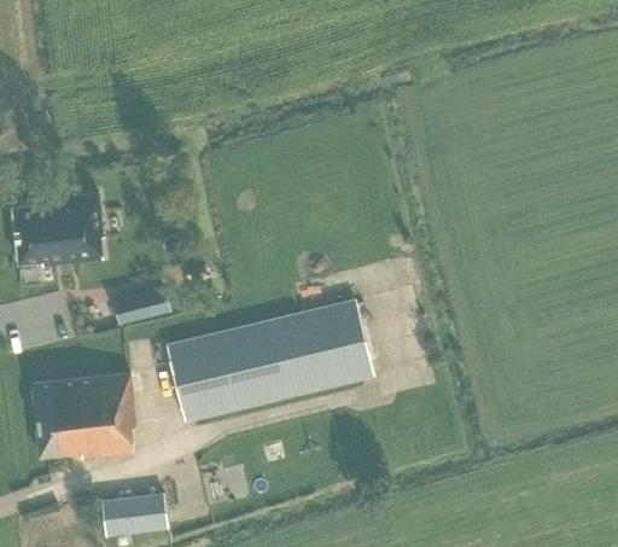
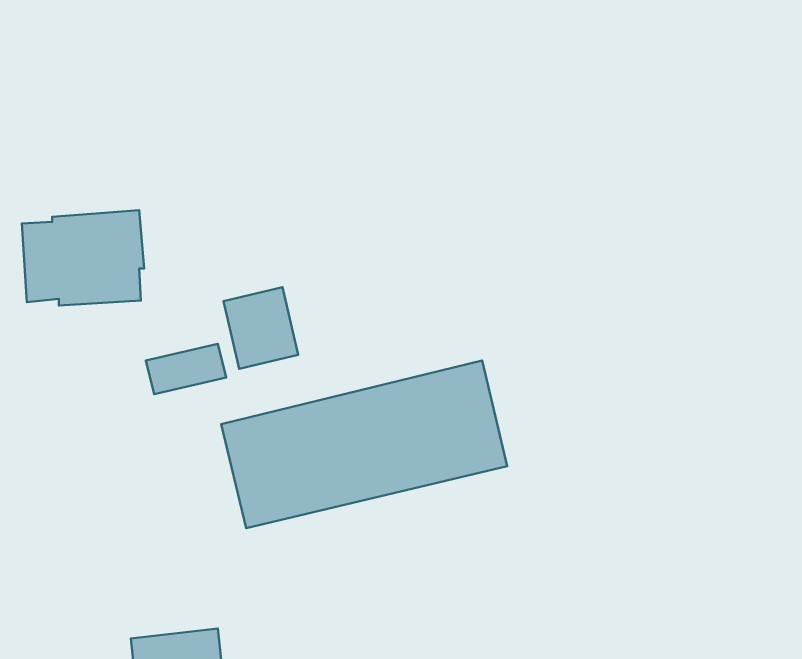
building: none -> [224,287,298,369]
building: [30,376,134,459] -> none

